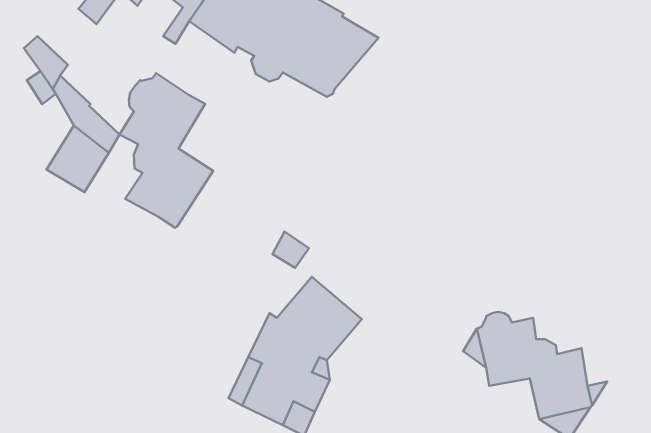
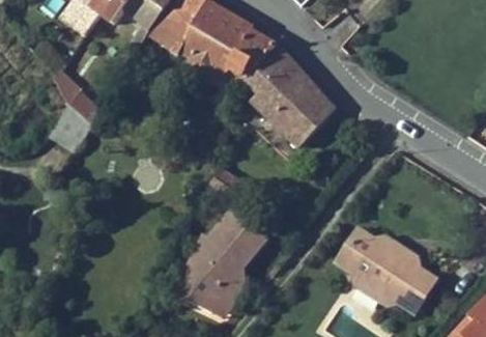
building: none -> [248,44,334,145]
building: [119,73,213,228] -> none

